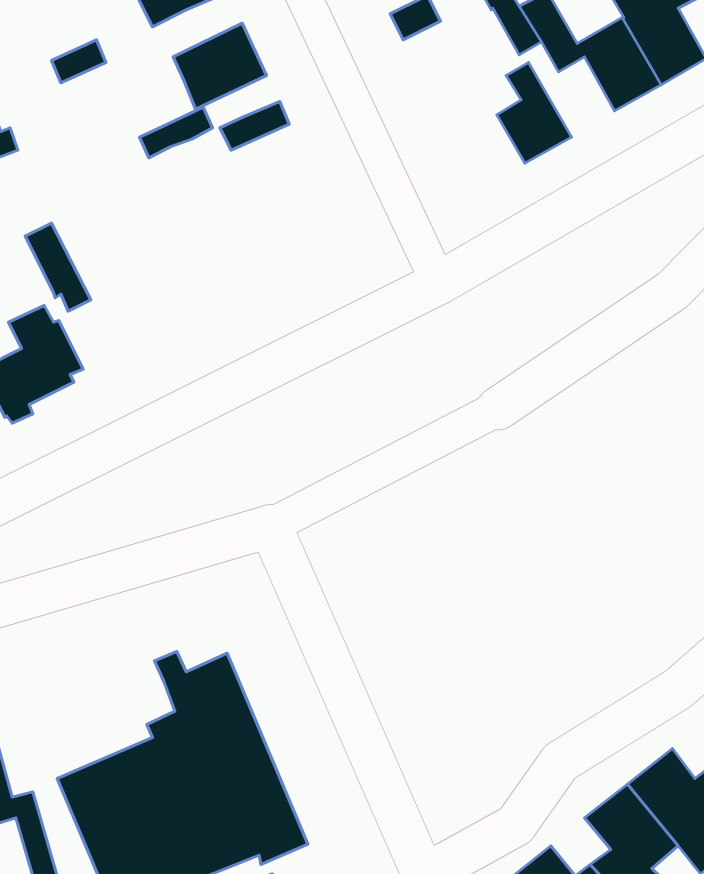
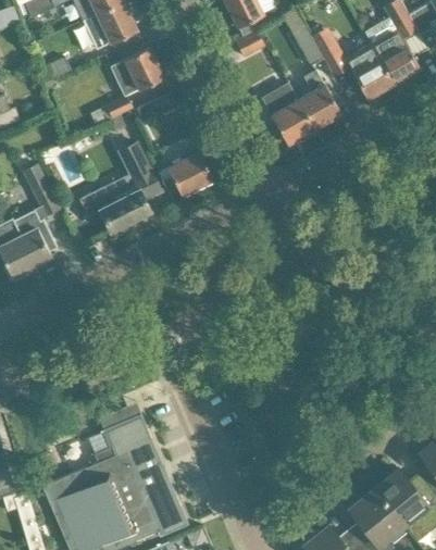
building: none -> [261,84,313,143]
building: none -> [78,142,161,230]
building: none -> [158,151,213,196]

